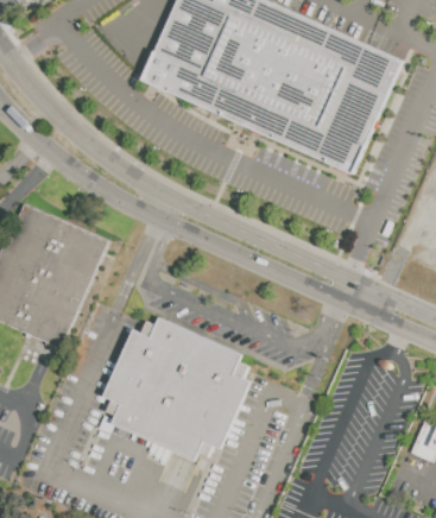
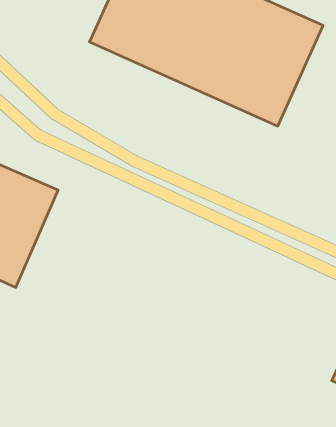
building: [108,318,253,459] -> none

